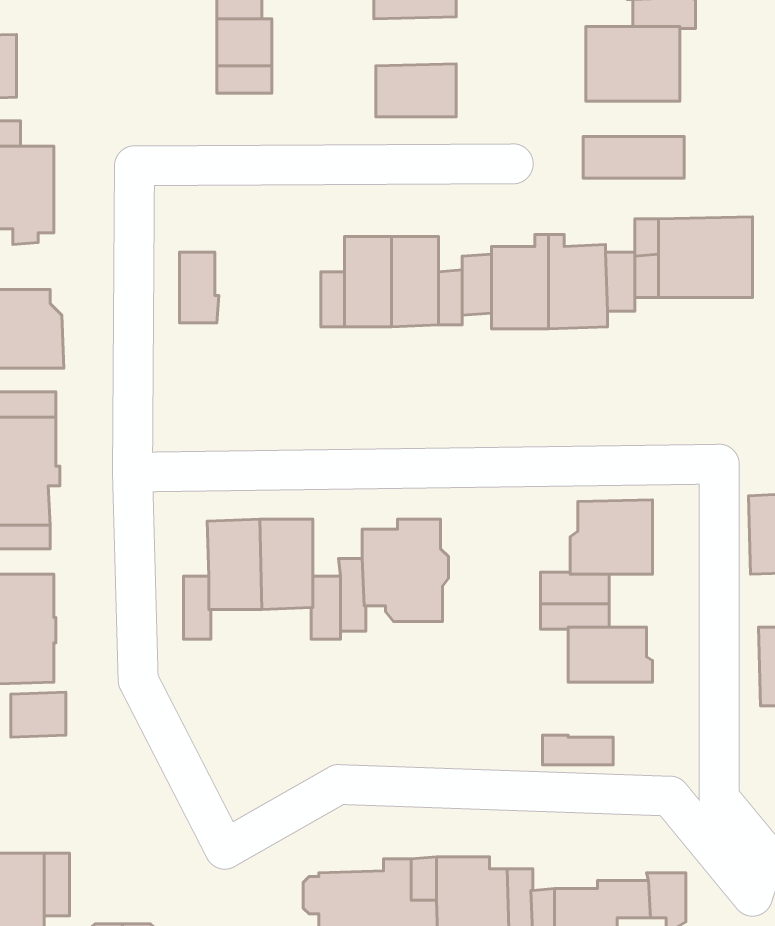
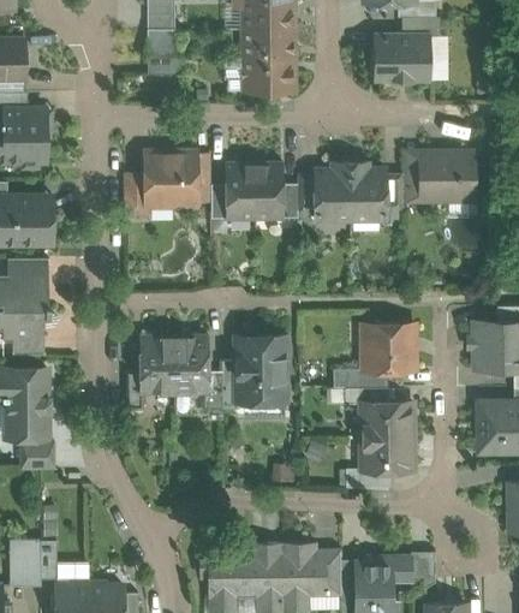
building: none -> [243,29,298,59]
building: [583,137,684,178] -> none
building: none -> [144,154,196,203]
building: none -> [362,436,413,470]

